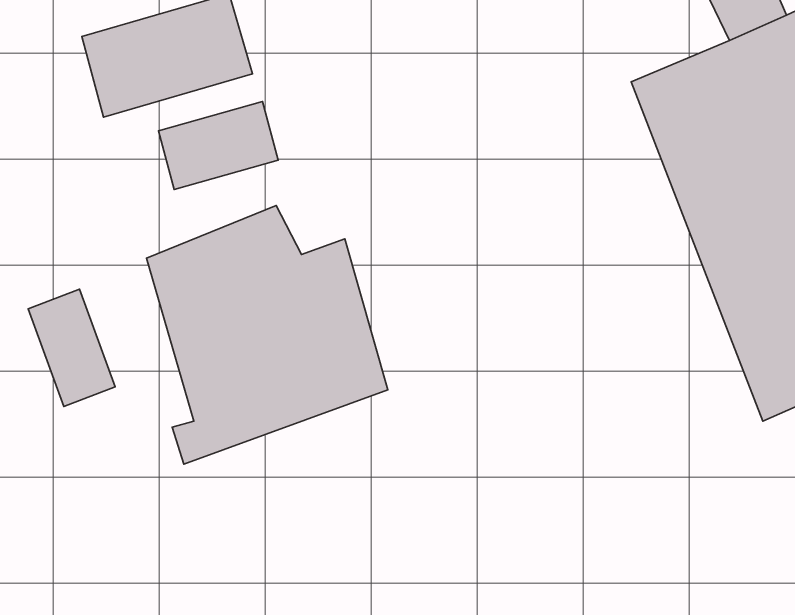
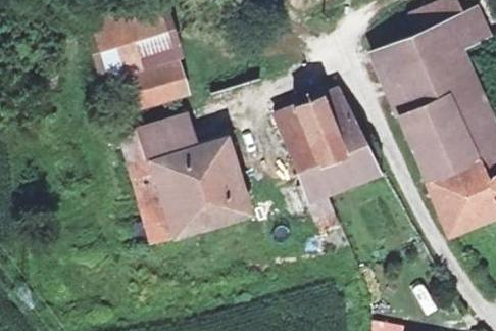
building: none -> [267,88,377,227]
building: [28,289,115,406] -> none

